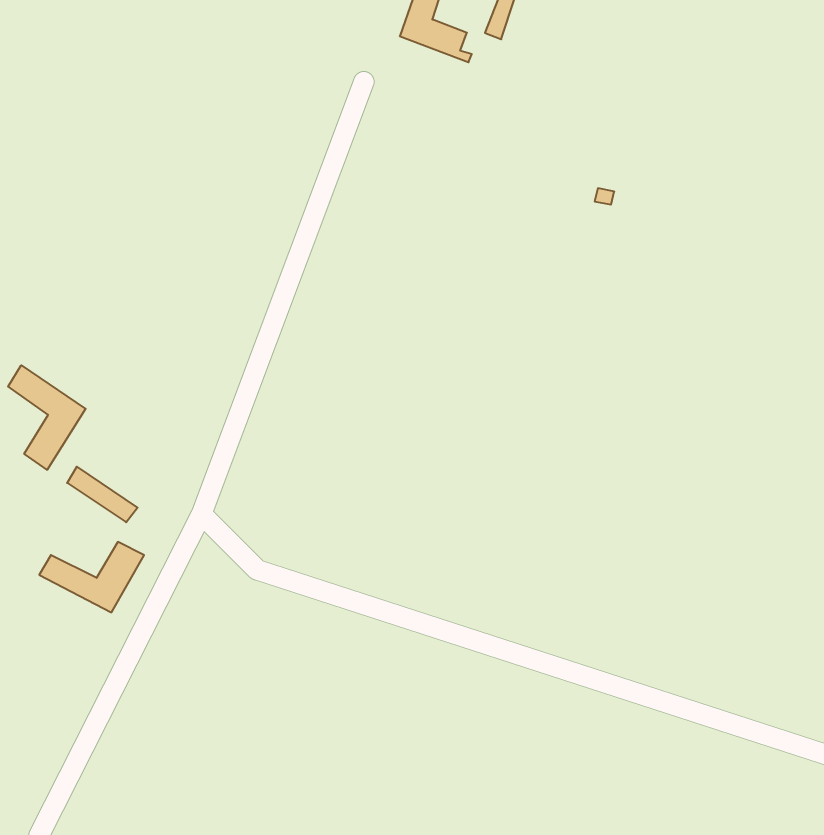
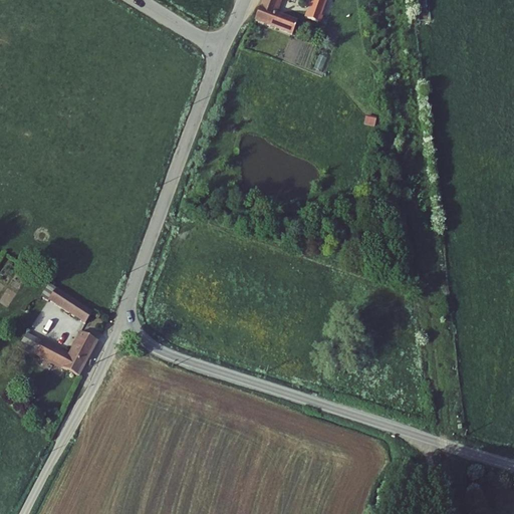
building: [8,365,86,470] -> none

